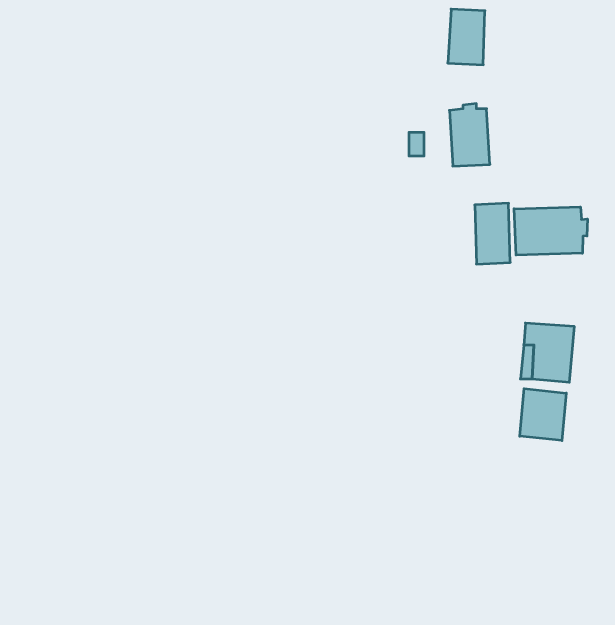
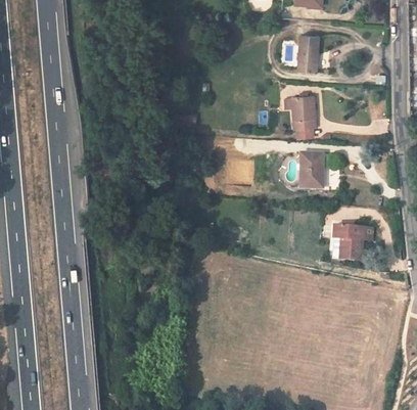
building: [514,207,587,255] -> none
building: [520,389,566,441] -> none

